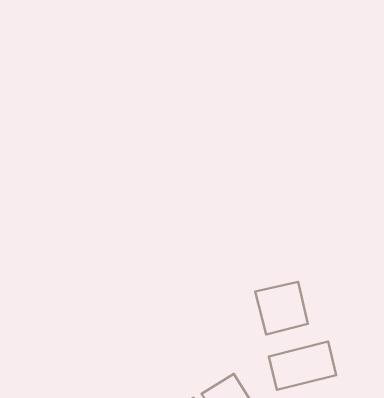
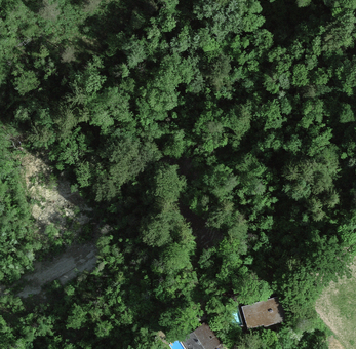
building: [255,282,308,335] -> none

